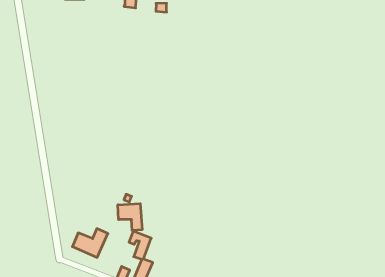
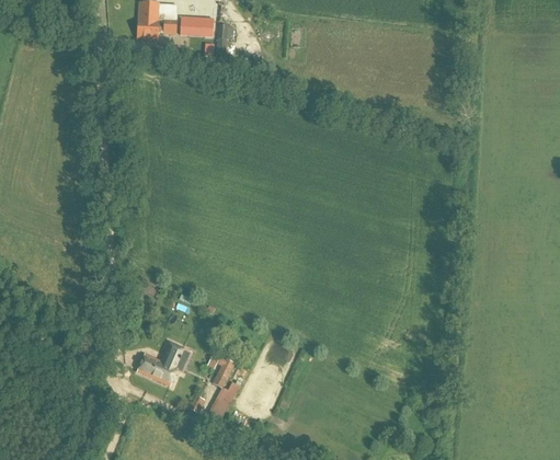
building: [118,204,142,230] -> none

